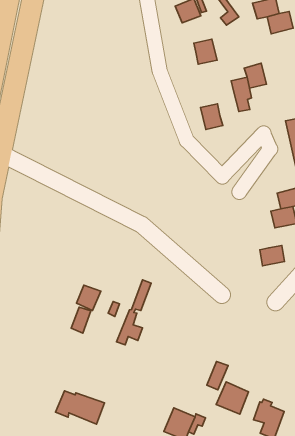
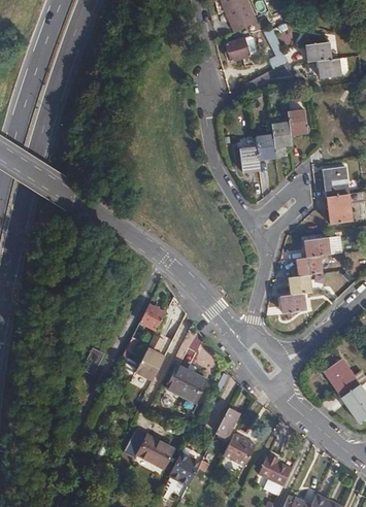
building: [194,39,217,64] -> [257,135,278,159]
building: none -> [293,277,317,298]
building: [76,285,101,311] -> [139,302,165,329]
building: none -> [166,361,207,399]
building: [56,391,105,424] -> [123,429,173,466]

